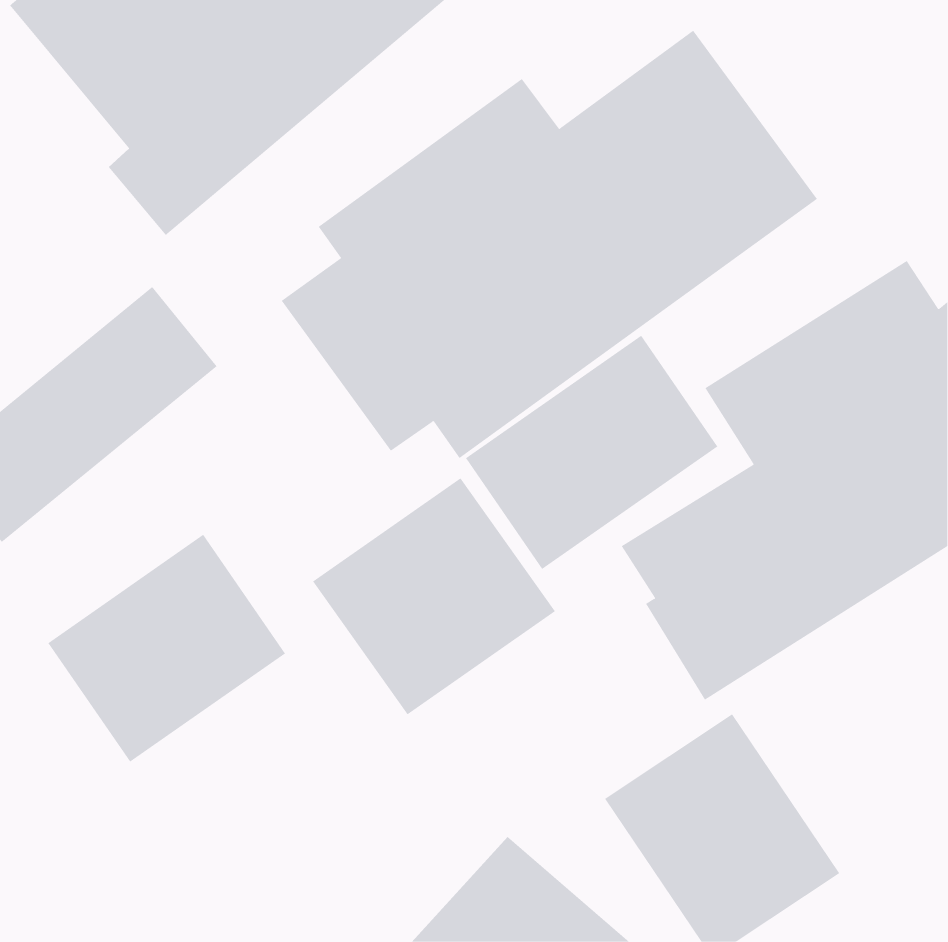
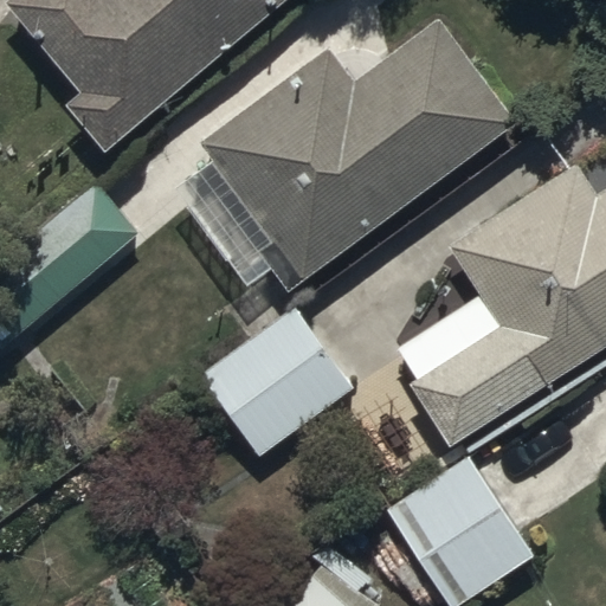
building: [465,335,718,570] -> none
building: [47,534,286,763] -> none

